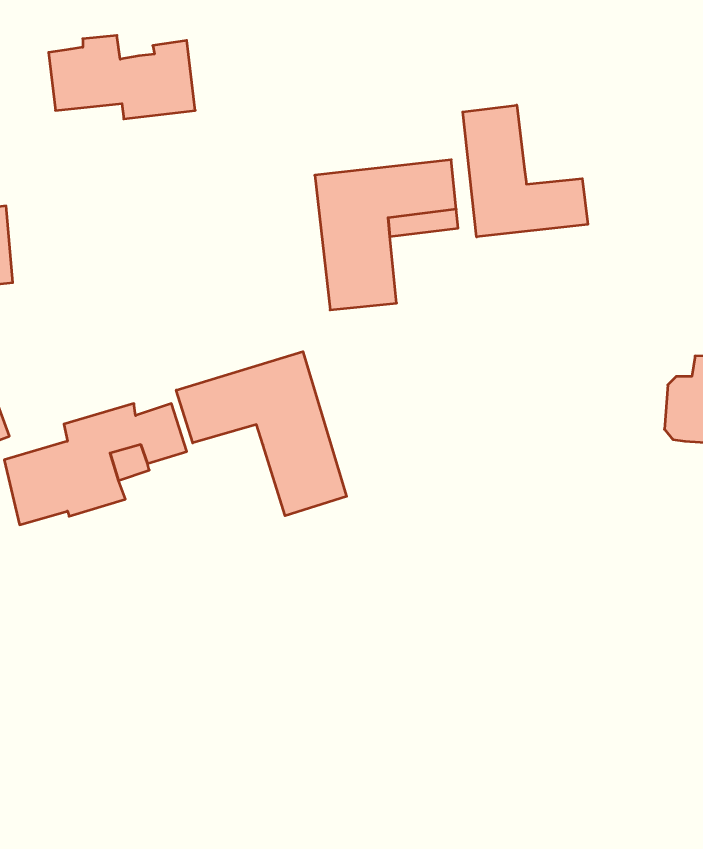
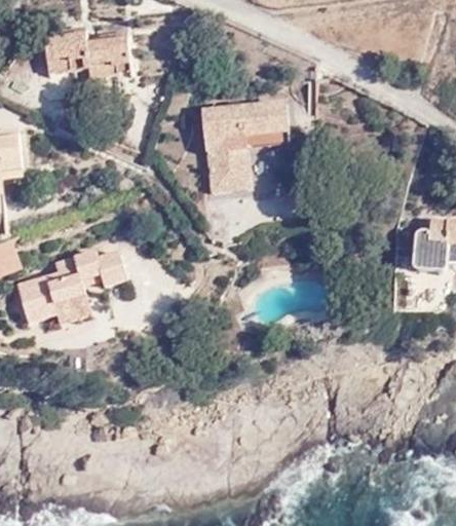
building: [463,105,588,237] -> none
building: [176,352,347,516] -> none

